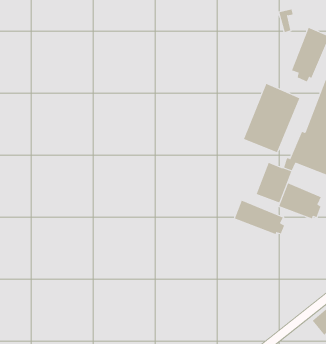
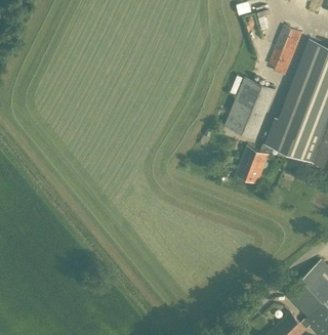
building: [278,182,321,219] -> none
building: [234,200,285,235] -> none

